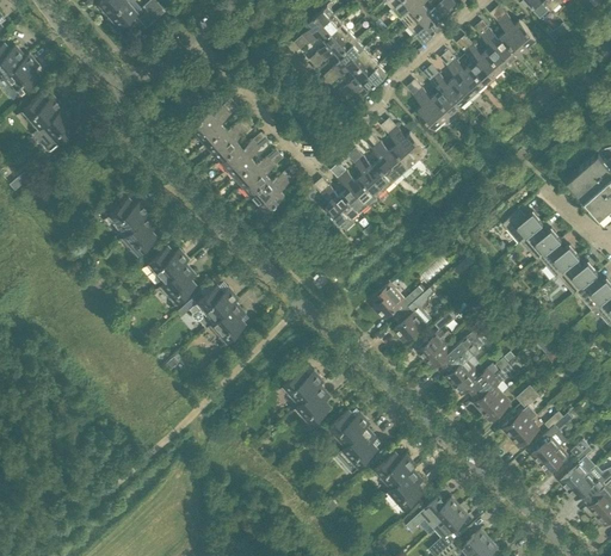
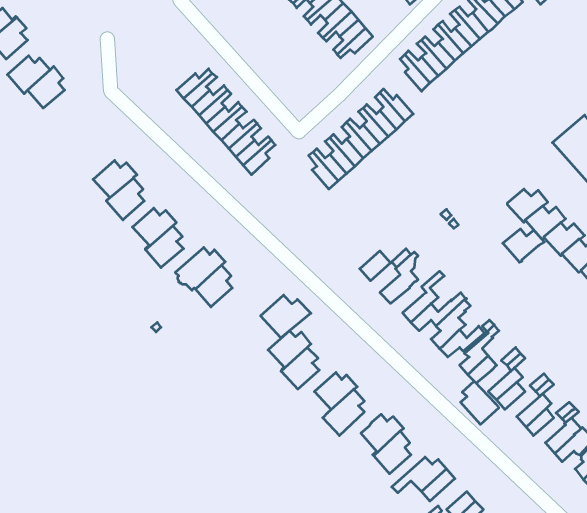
building: [502,210,544,243] -> [503,229,544,262]
building: none -> [261,295,311,338]
building: none -> [461,381,499,424]

